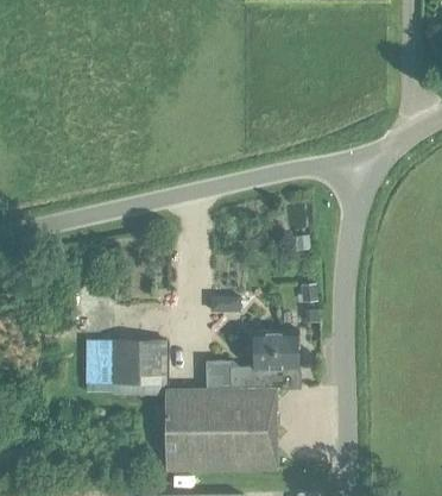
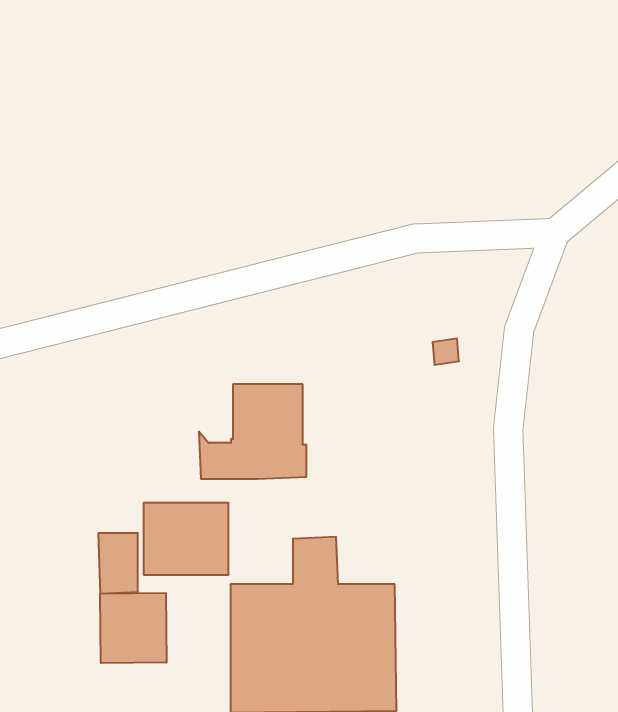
building: [233,331,301,390] -> [199,384,306,479]
building: none -> [100,593,167,663]

